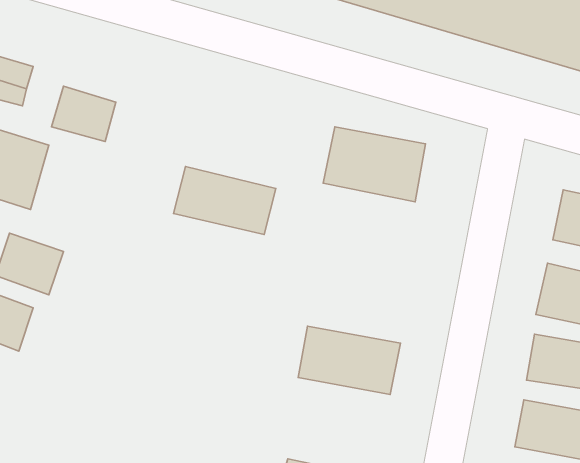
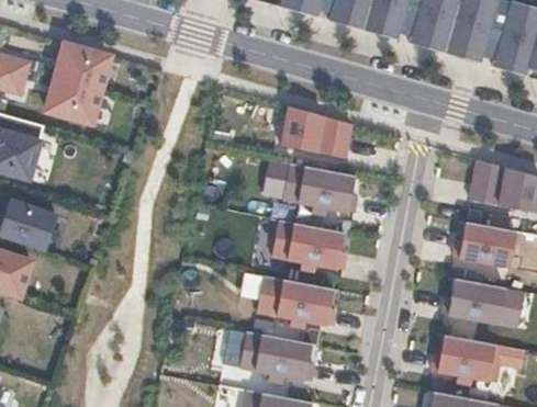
building: none -> [54,39,109,87]
building: [174,166,276,235] -> [273,166,359,223]
building: none -> [265,216,350,278]
building: none -> [235,331,317,384]

